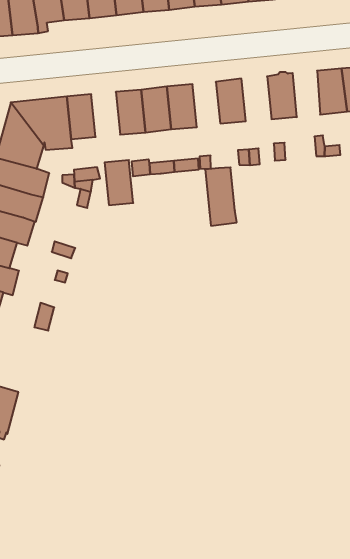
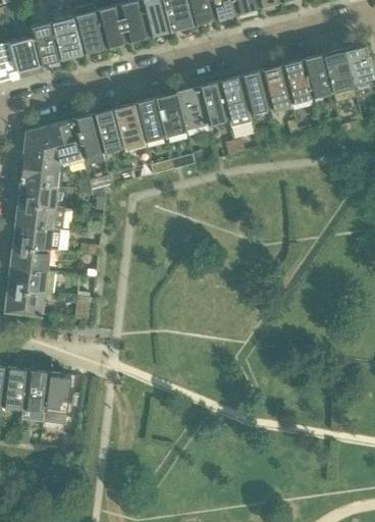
building: none -> [261,66,291,115]
building: none -> [177,89,206,129]
building: [105,160,133,205] -> [93,110,122,151]
building: [205,167,237,226] -> [218,77,252,129]

